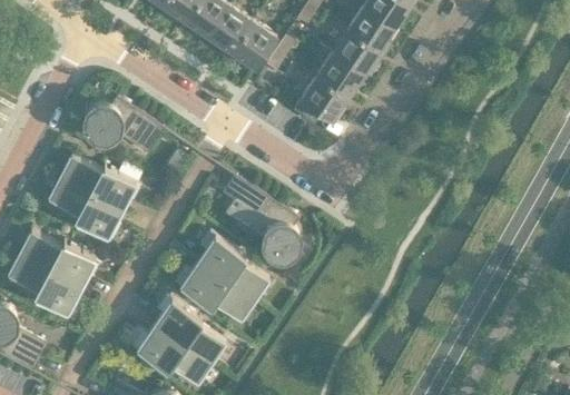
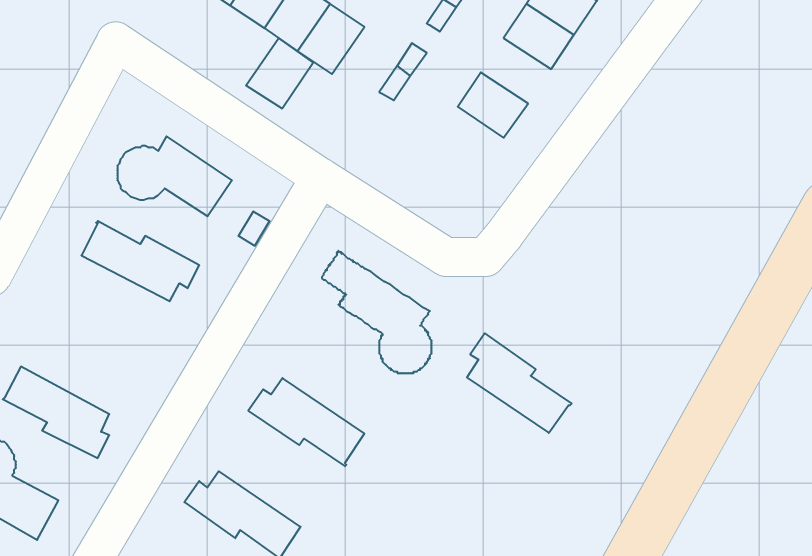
building: [230,23,276,71] -> [246,38,313,108]
building: [332,31,380,79] -> none
building: [293,78,347,127] -> none
building: [47,179,120,241] -> none
building: [19,231,100,287] -> none
building: [197,233,268,300] -> [467,333,572,433]
building: [154,296,225,364] -> none

